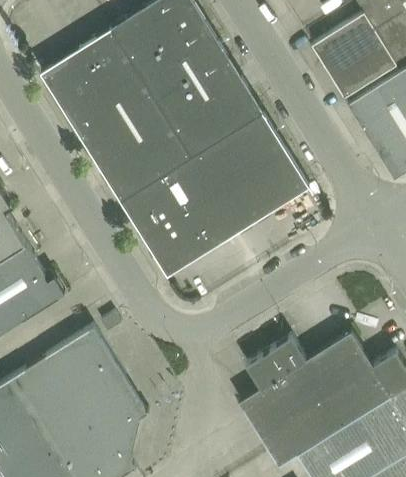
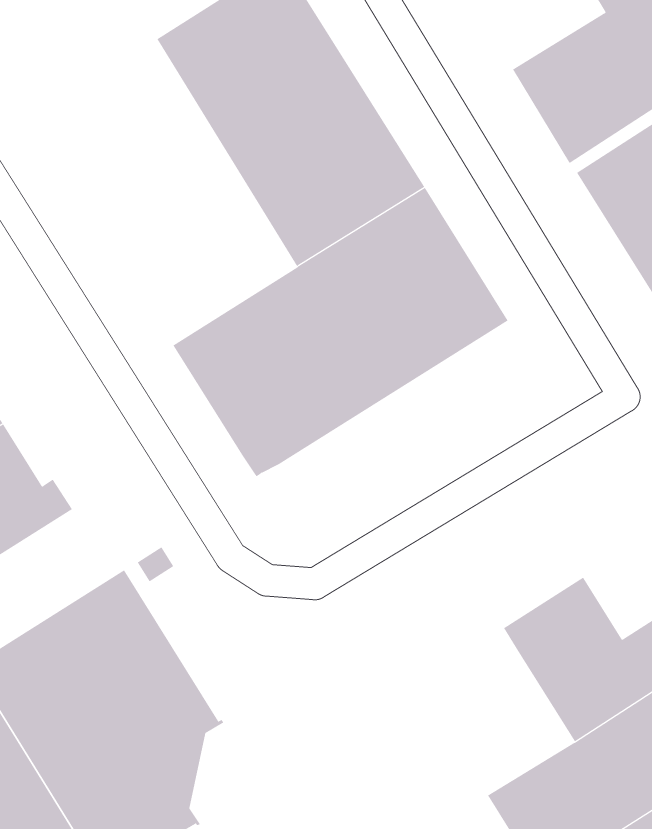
building: [41,30,191,202] -> none
building: [239,338,347,467] -> none

